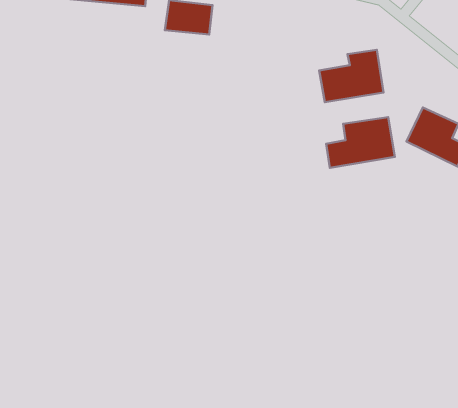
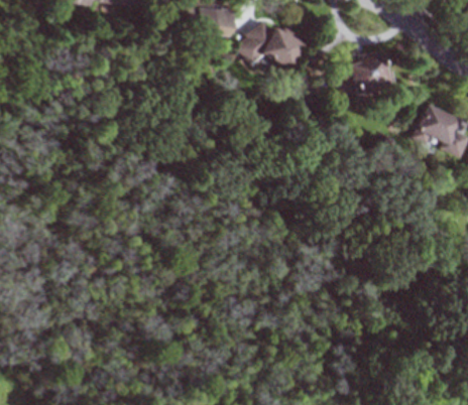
building: none -> [243,18,308,70]
building: [326,117,395,168] -> none

